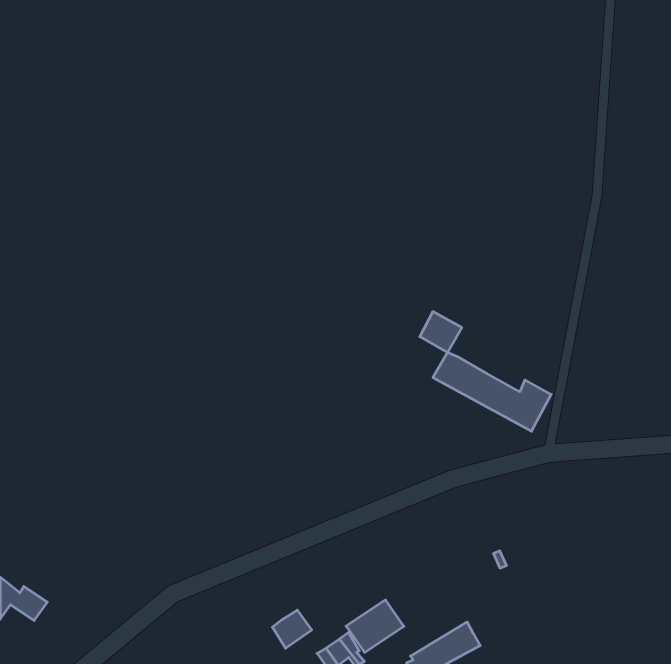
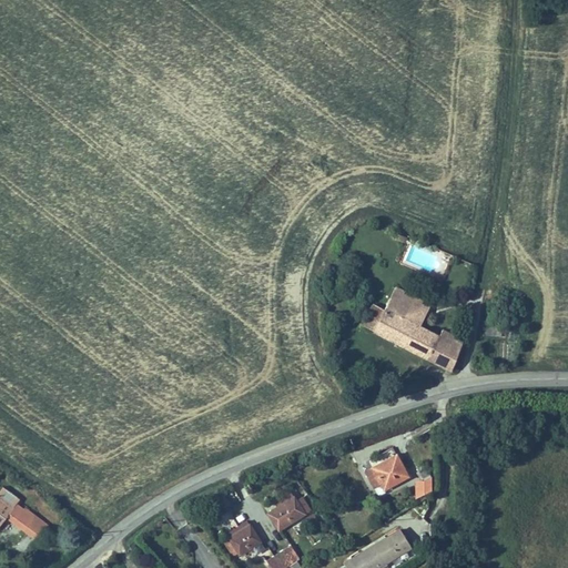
building: [420,312,462,352] -> [388,287,424,322]
building: none -> [364,458,406,491]
building: [346,600,404,652] -> [264,491,313,536]

